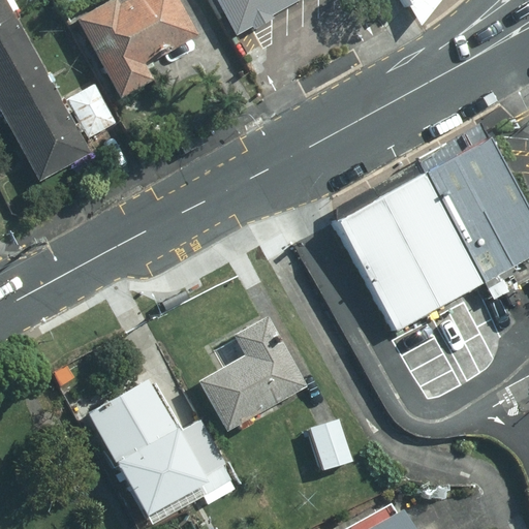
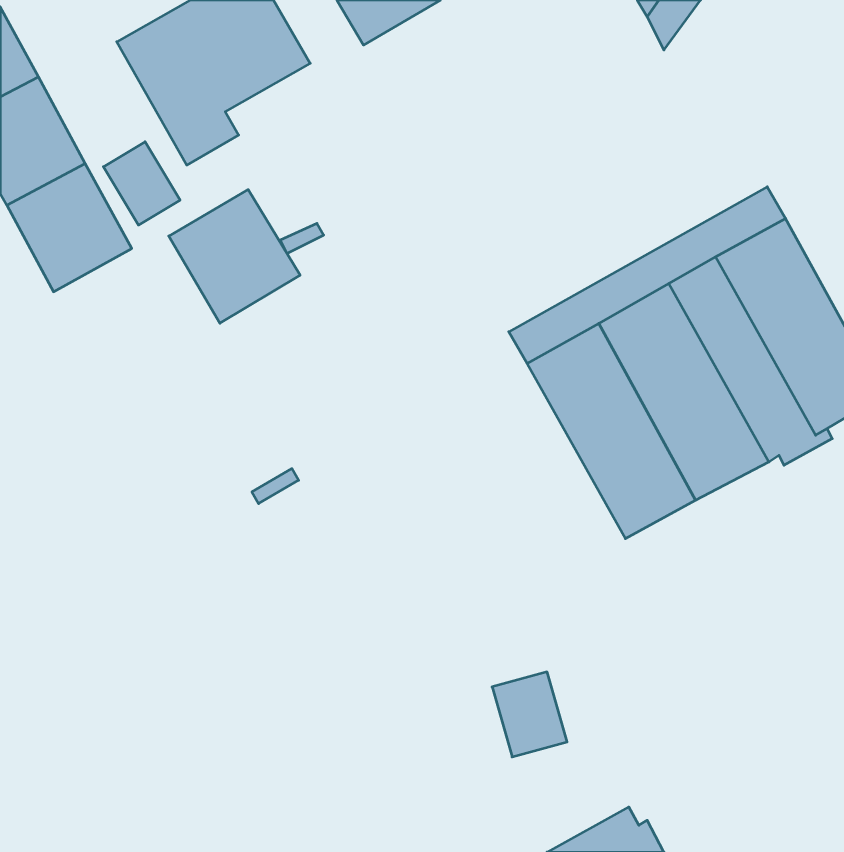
building: none -> [169,190,300,323]
building: [192,318,304,436] -> none
building: [91,378,235,516] -> none

